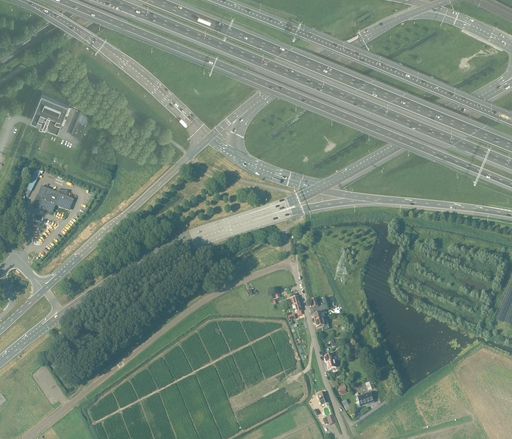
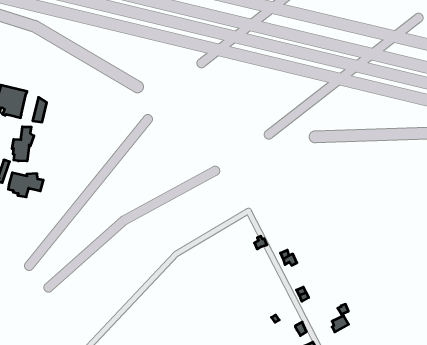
building: none -> [12,127,34,161]

